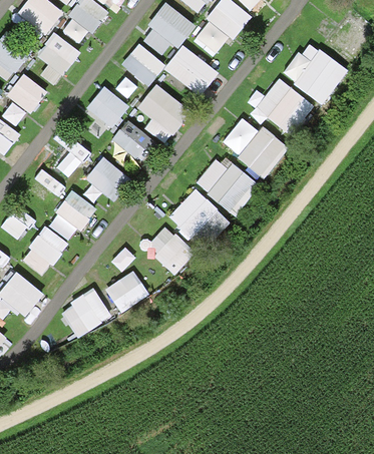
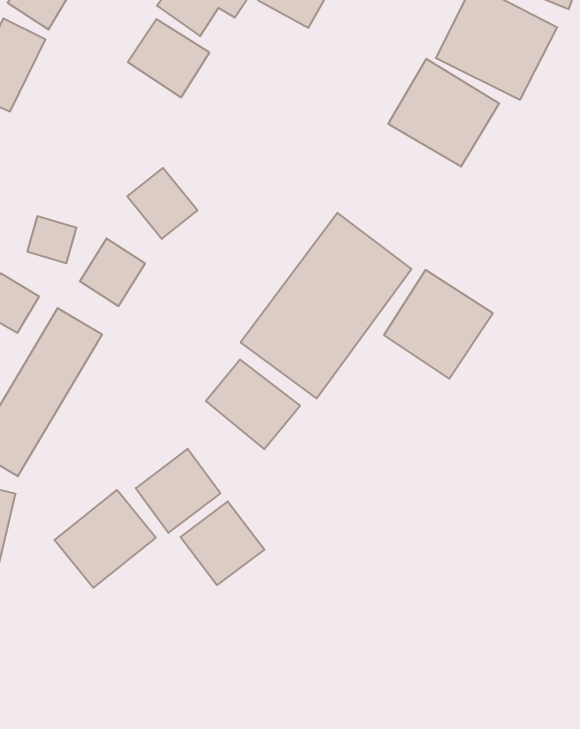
building: [163,46,219,95] -> none
building: [136,83,191,134] -> none
building: [86,87,128,127] -> none
building: [231,121,289,179] -> [384,270,493,379]
building: none -> [180,501,264,585]

